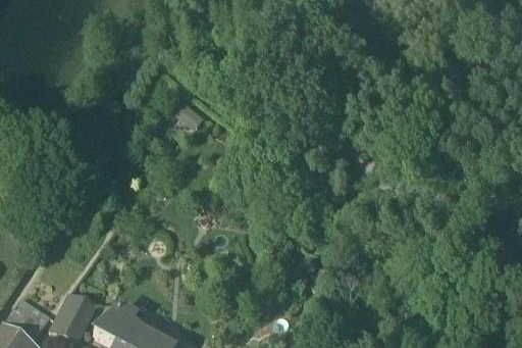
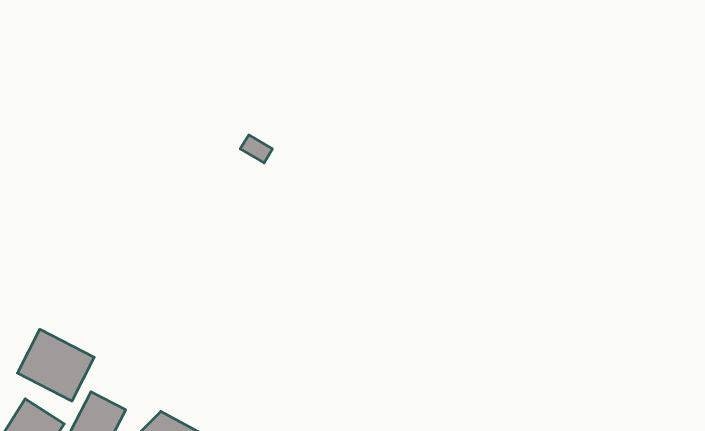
building: none -> [17,329,94,401]

